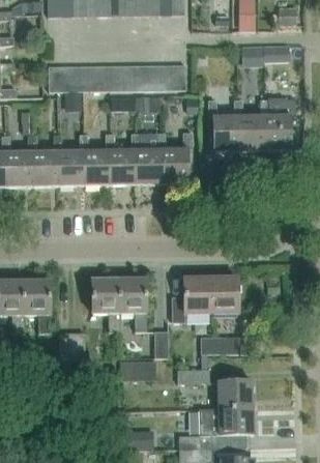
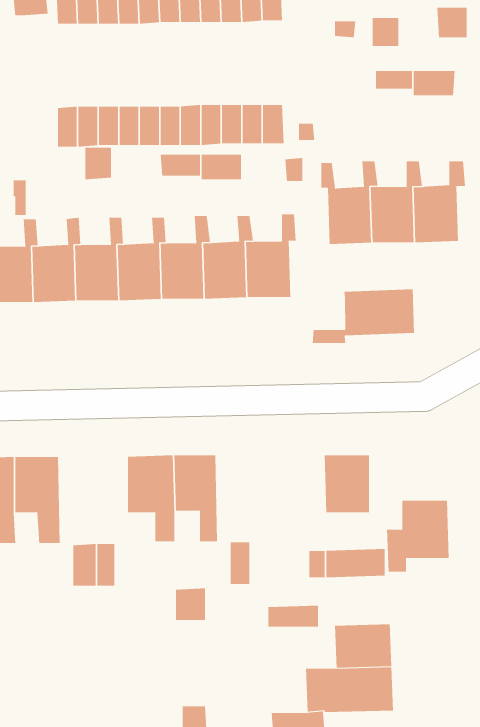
building: none -> [312,288,415,344]
building: [173,278,211,321] -> [386,500,449,572]

